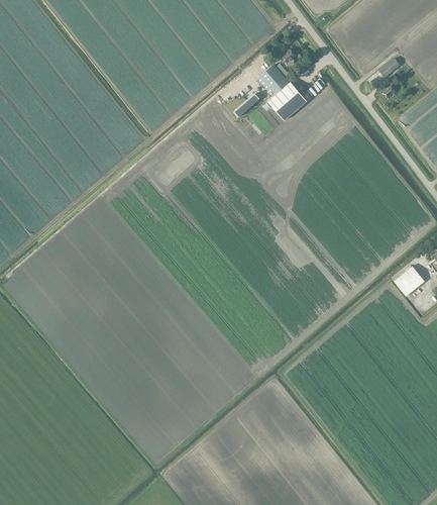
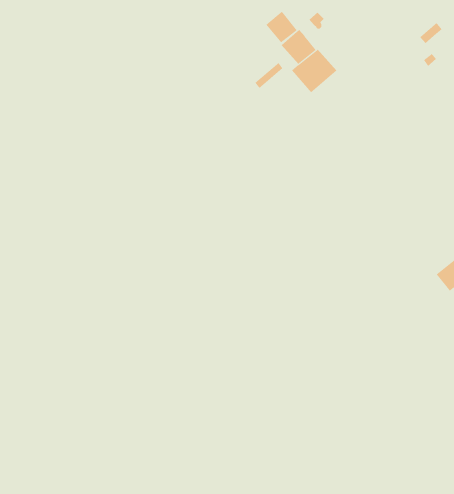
building: none -> [265,11,298,43]

